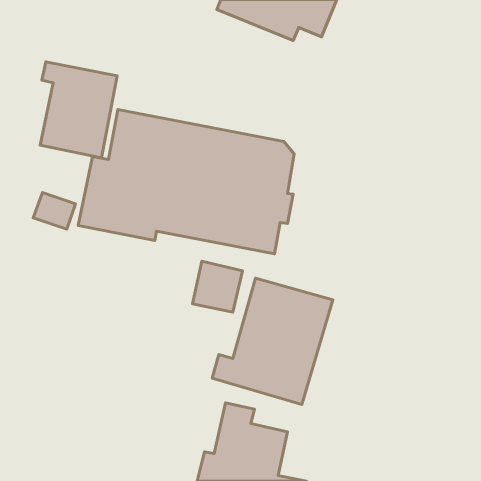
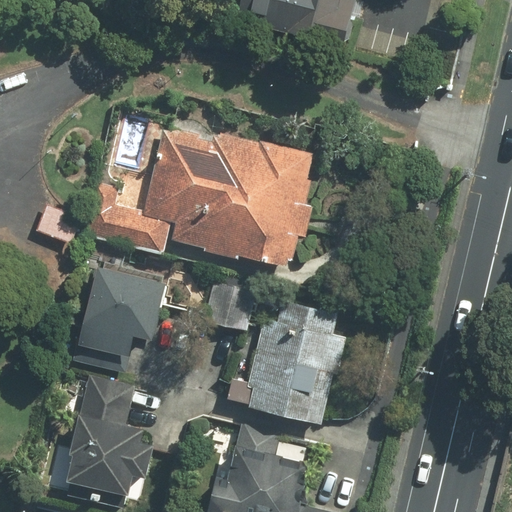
building: [40,62,117,158] -> none
building: none -> [78,261,168,357]
building: none -> [63,376,152,496]

